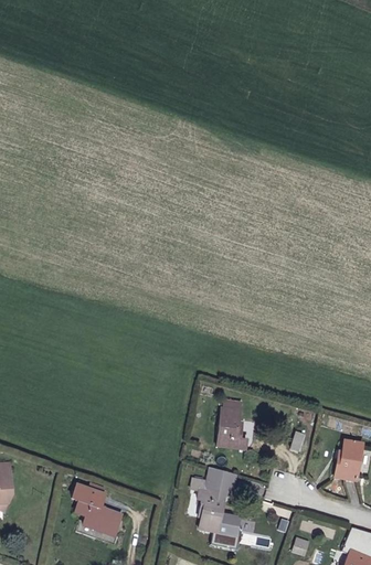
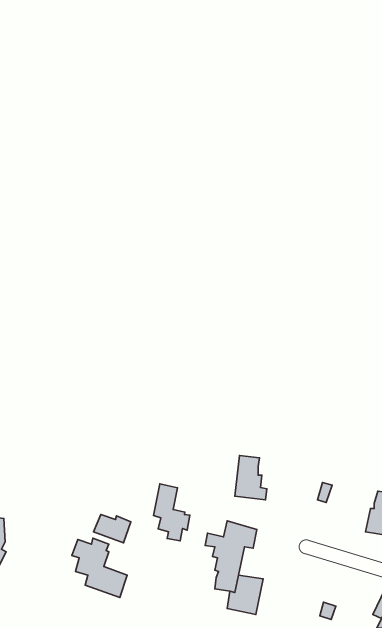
building: none -> [154,484,190,541]
building: none -> [93,515,131,543]

